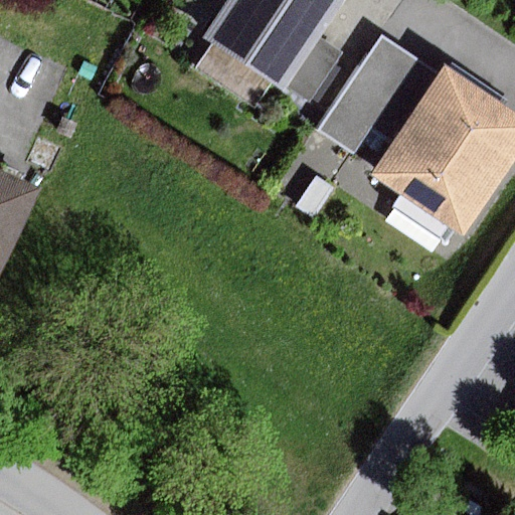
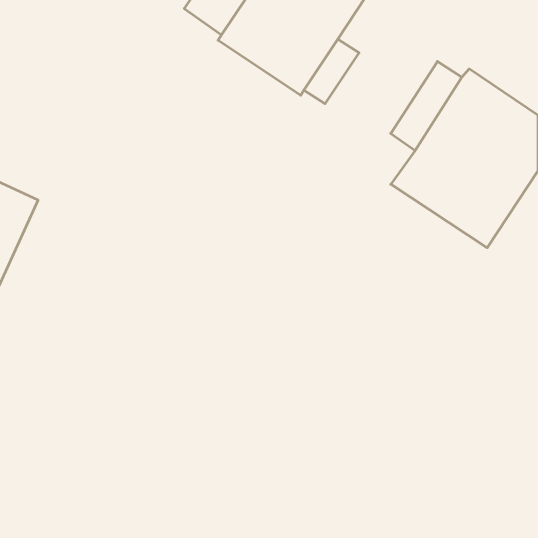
building: [318,35,415,153] -> none

